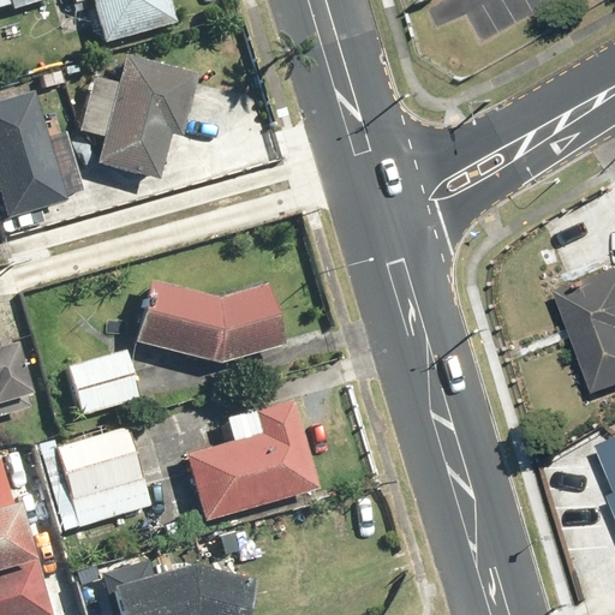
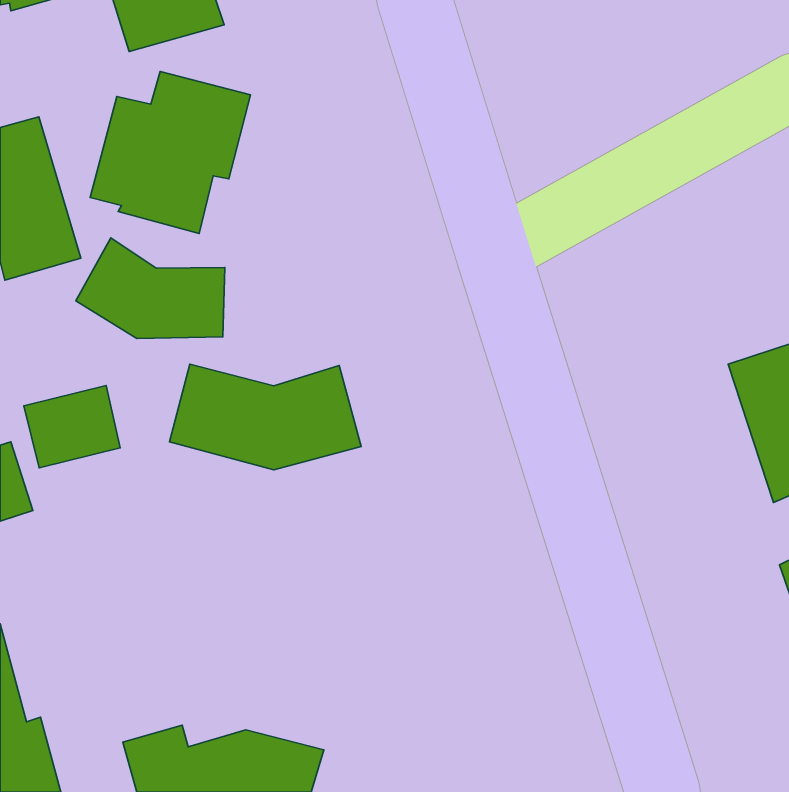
building: none -> [76,238,225,338]
building: [68,351,143,414] -> [24,386,120,468]
building: [190,400,320,520] -> none
building: [34,428,148,531] -> none

